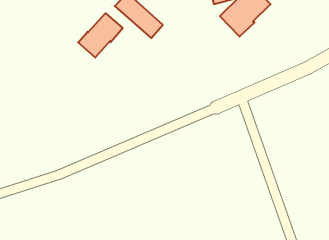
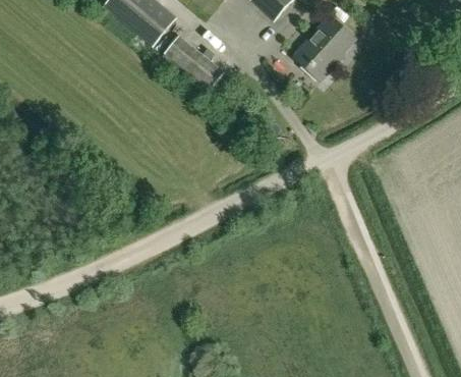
building: [78,13,123,58] -> none

